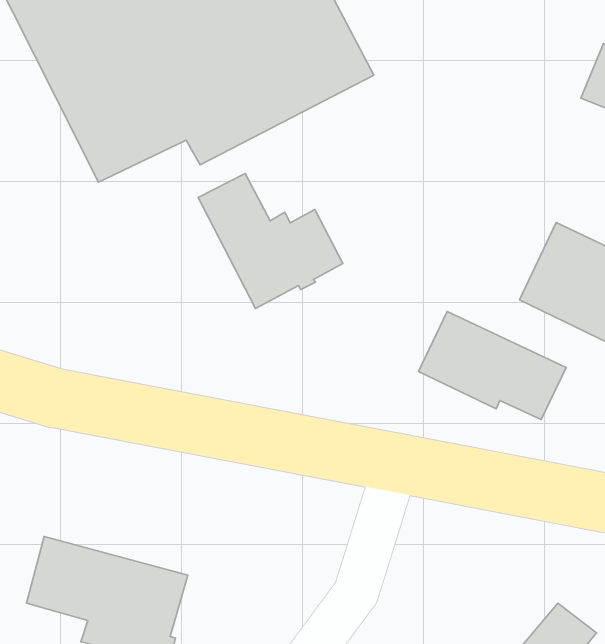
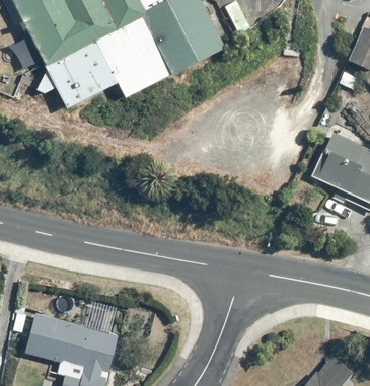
building: [198,174,343,309] -> none
building: [418,311,566,419] -> none

